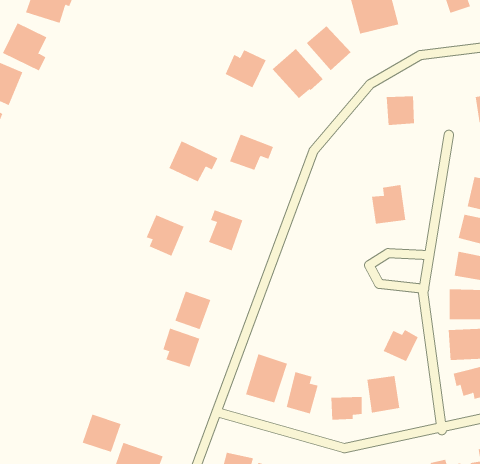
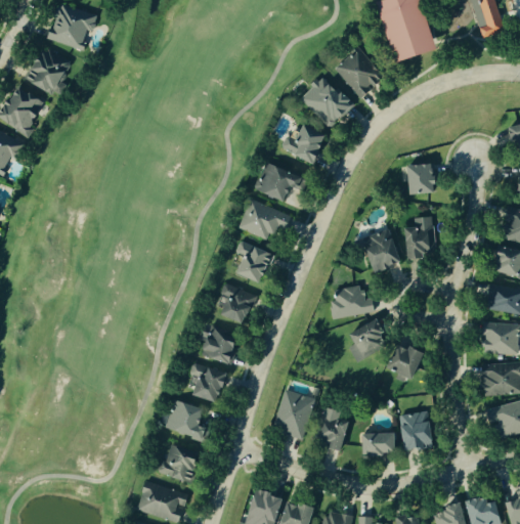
building: [225,49,267,88] -> [284,124,327,164]
building: [386,96,415,126] -> [406,164,436,194]
building: [168,140,218,182] -> [241,199,292,242]
building: none -> [364,233,399,271]
building: [146,215,185,256] -> [217,282,257,325]
building: none -> [332,286,374,318]
building: none -> [347,322,385,361]
building: [383,329,419,362] -> [386,346,423,380]
building: none -> [167,400,205,440]
building: [82,414,122,453] -> [158,443,199,483]

